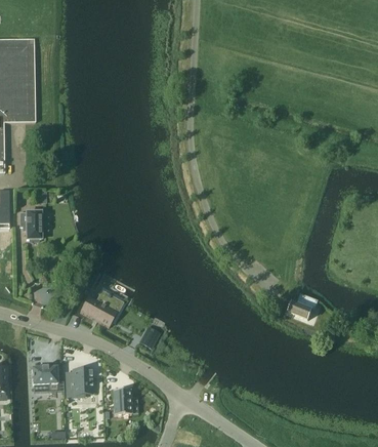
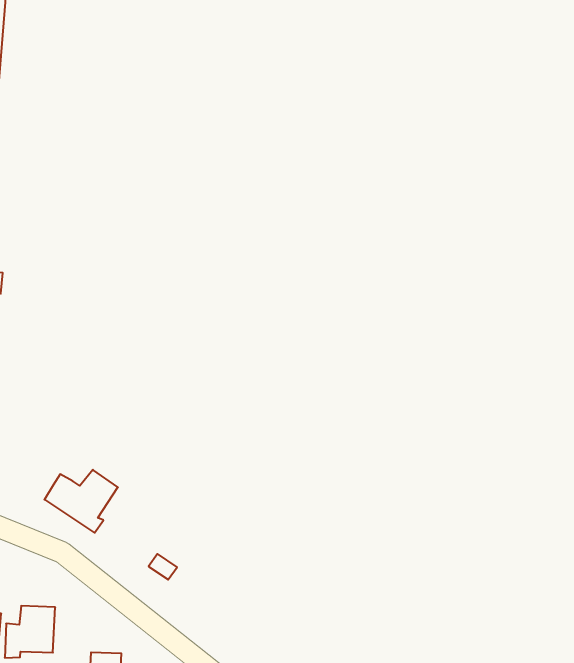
building: [289,292,319,319] -> none

